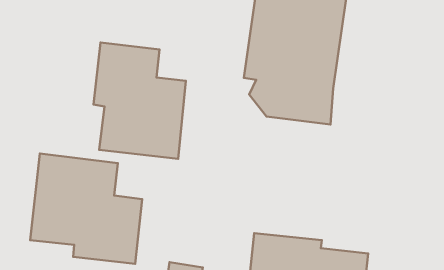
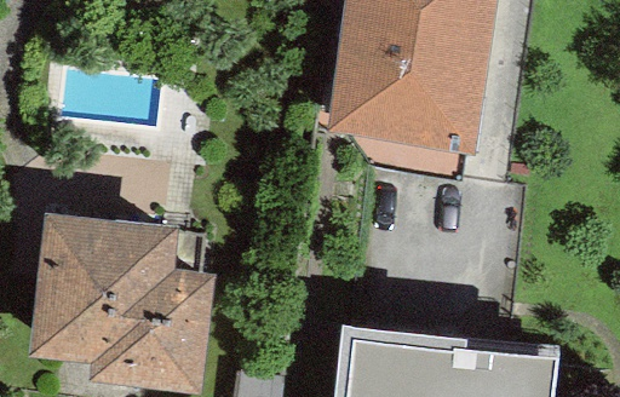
building: [94,43,186,159] -> none

